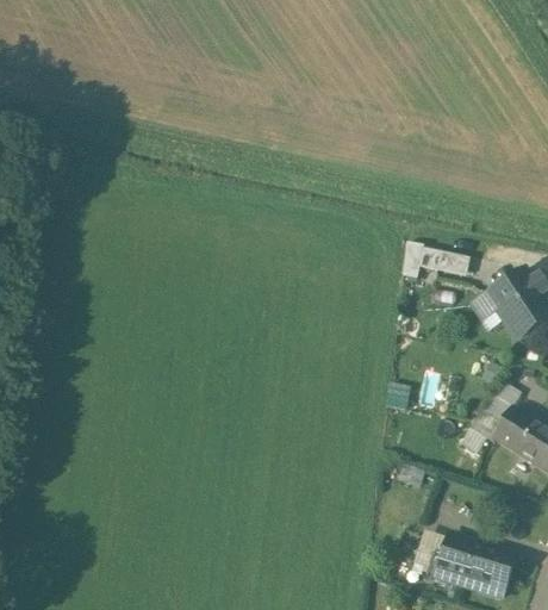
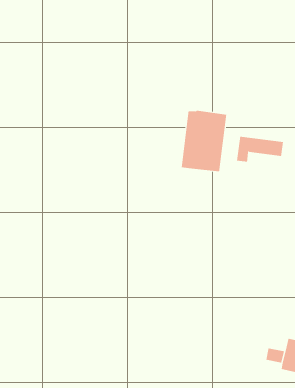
building: none -> [181,110,227,172]

